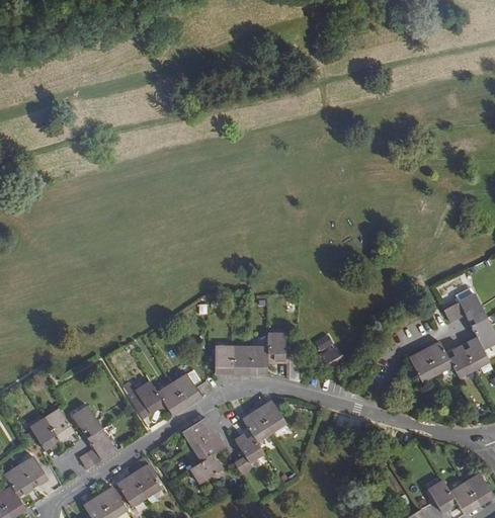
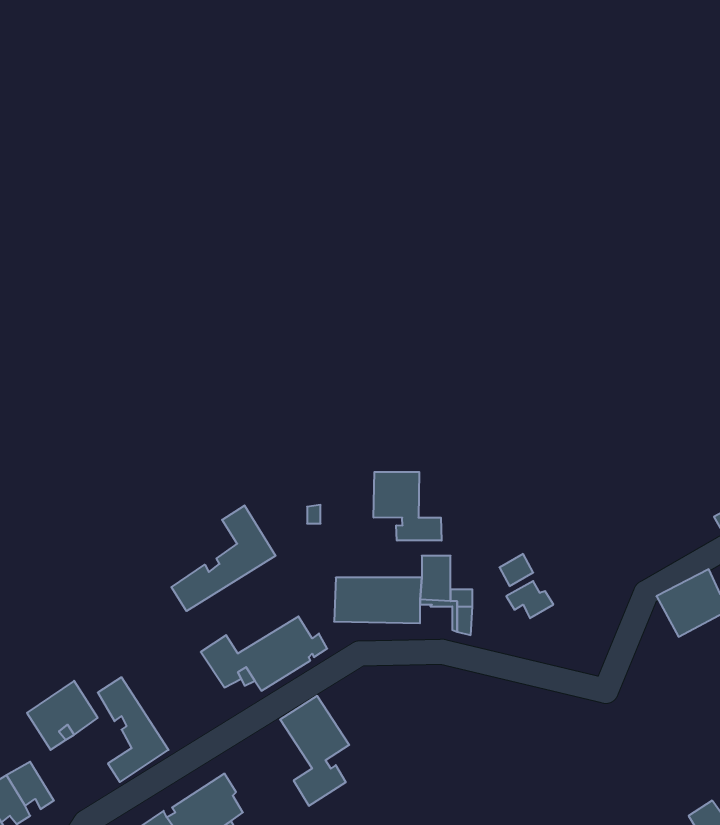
building: none -> [374,472,442,541]
building: none -> [171,505,276,611]
building: [233,400,285,474] -> none

